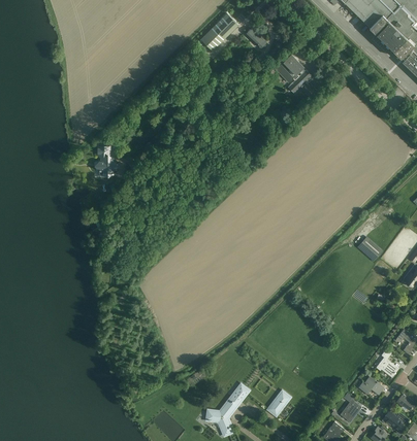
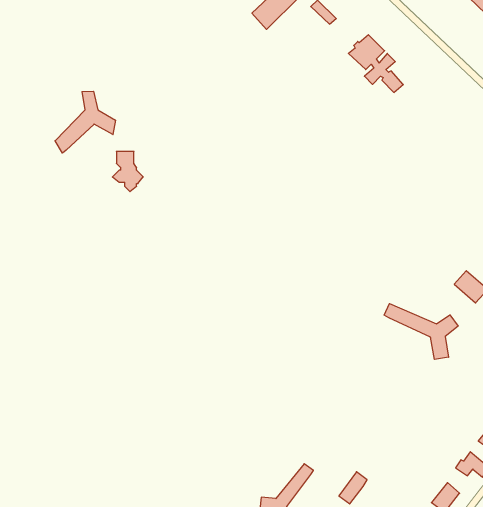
building: none -> [55,91,115,153]
building: none -> [384,304,458,359]

